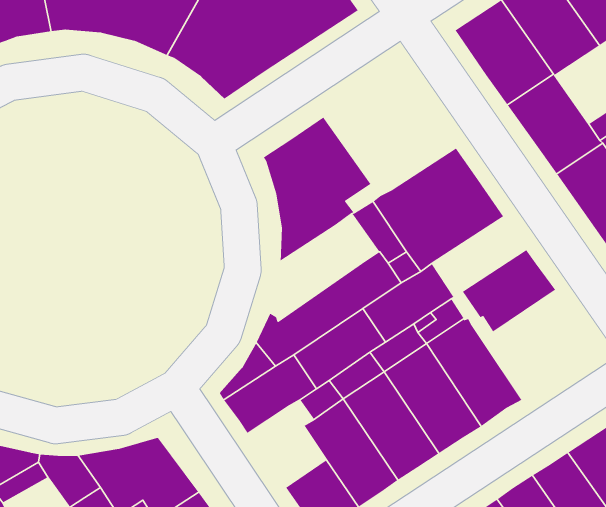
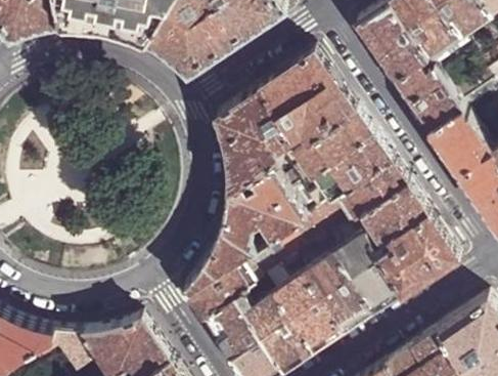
building: none -> [260,54,356,143]
building: none -> [338,163,407,221]
building: none -> [221,169,287,239]
building: none -> [375,216,459,296]
building: none -> [205,300,262,361]

